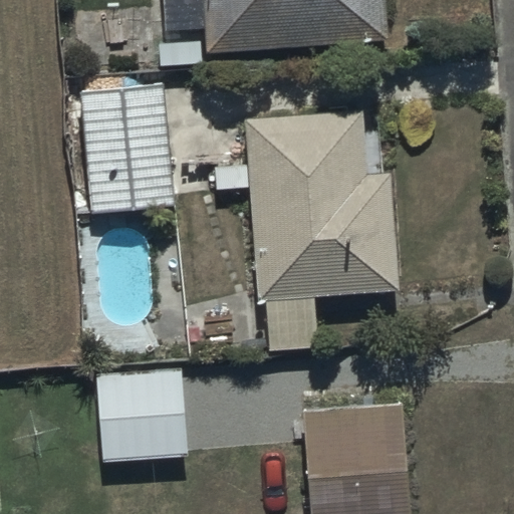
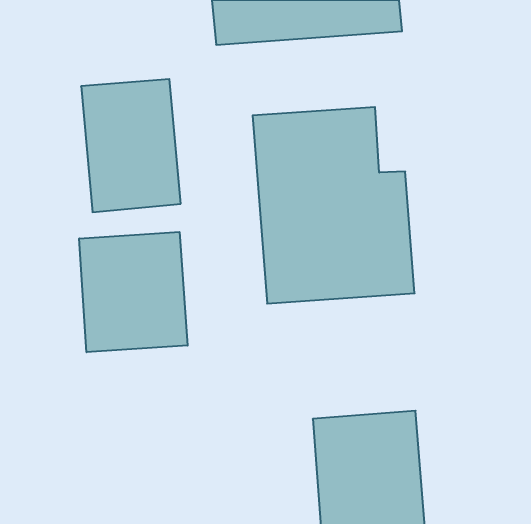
building: none -> [79,232,188,352]
building: [96,367,188,464] -> none

